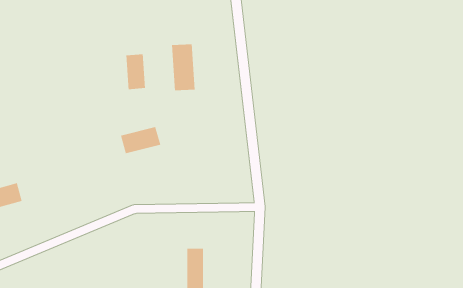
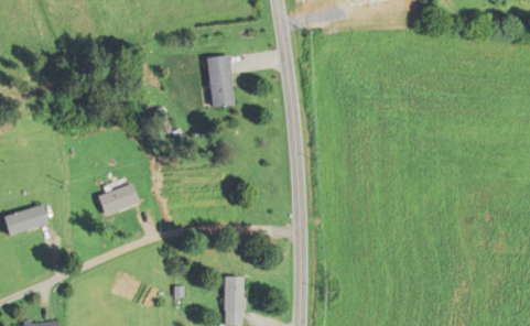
building: [126,53,145,90] -> none
building: [120,126,161,154] -> [98,184,142,214]

